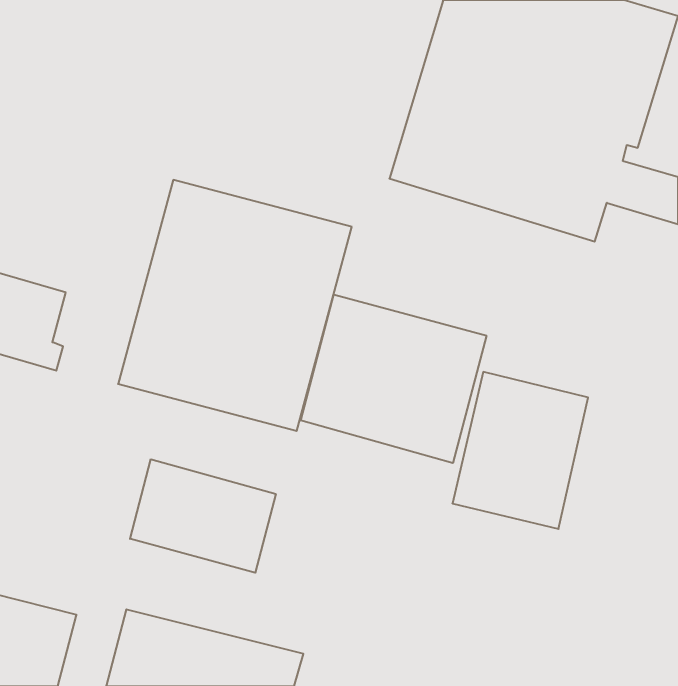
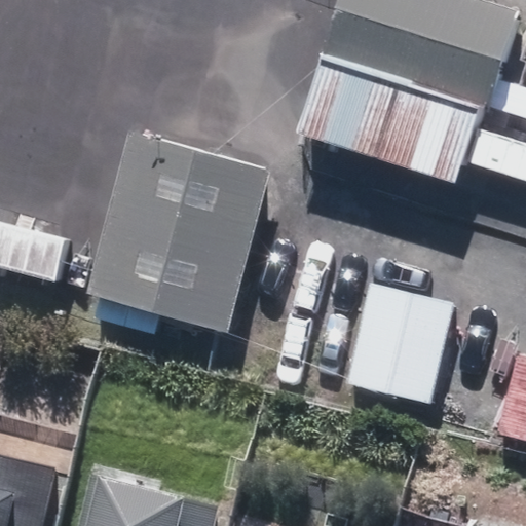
building: [301,294,486,463] -> none
building: [130,459,276,573] -> none

